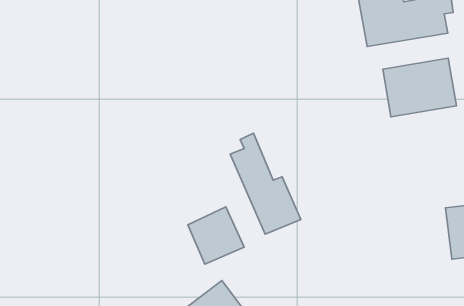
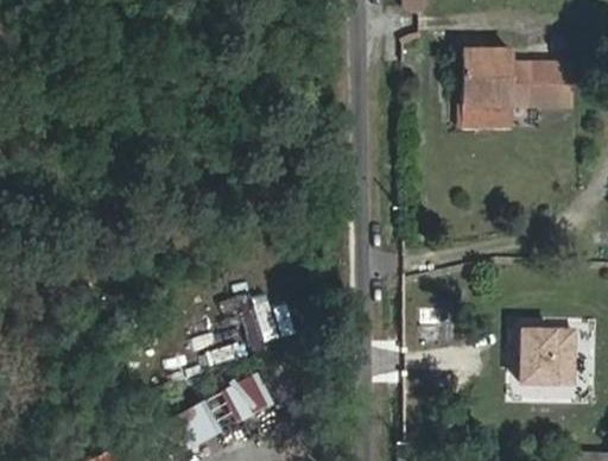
building: [383,58,456,117] -> none
building: [230,133,301,234] -> none

